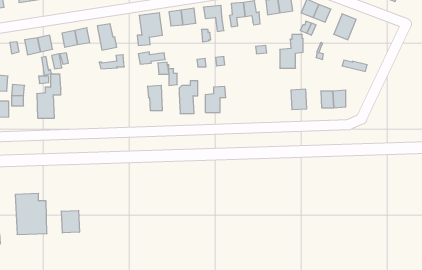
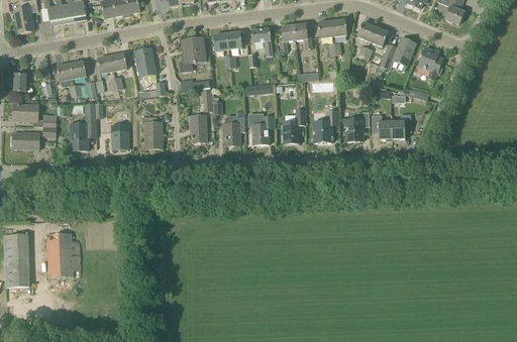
building: none -> [418,46,443,80]
building: [280,35,303,68] -> [314,106,339,142]
building: none -> [283,109,306,143]
building: none -> [144,122,163,148]
building: none -> [111,124,129,149]
building: [61,210,79,233] -> none

